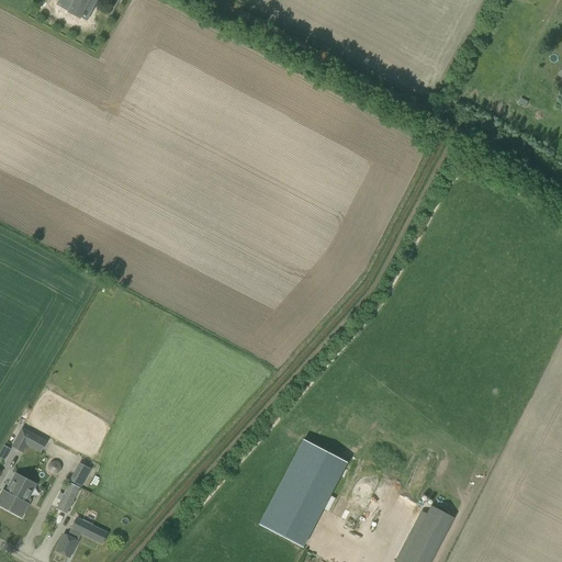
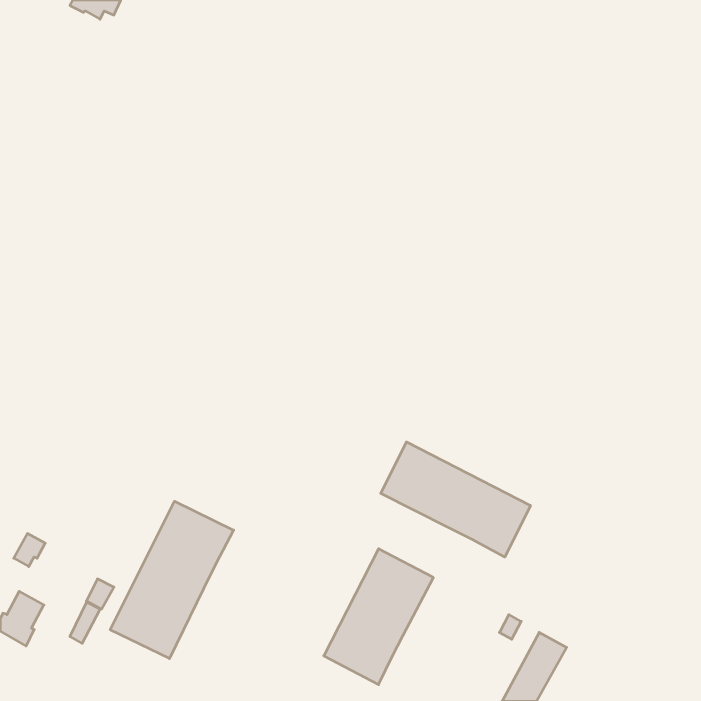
building: none -> [381,442,530,557]
building: none -> [110,501,234,659]
building: [56,518,106,557] -> none

